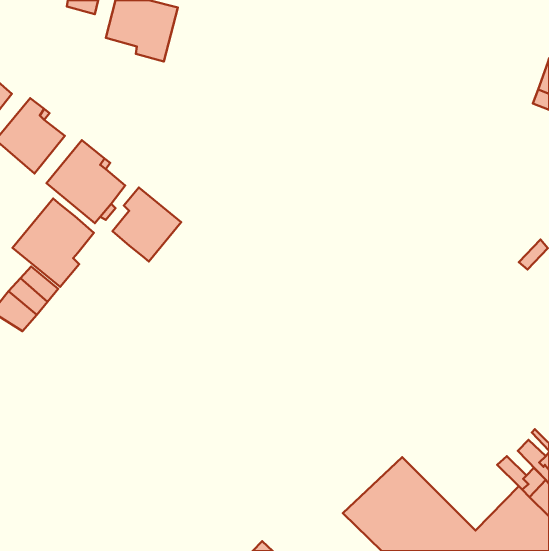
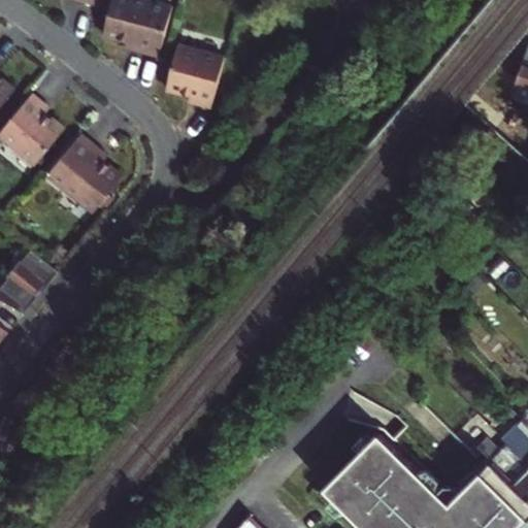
building: none -> [164,47,222,112]
building: [113,187,181,261] -> none
building: [13,199,94,287] -> none

